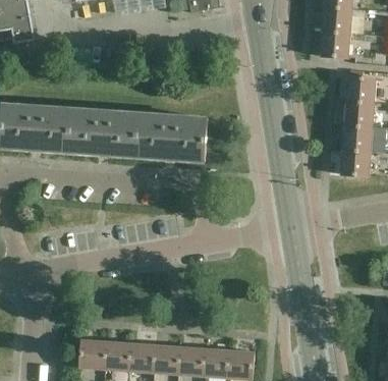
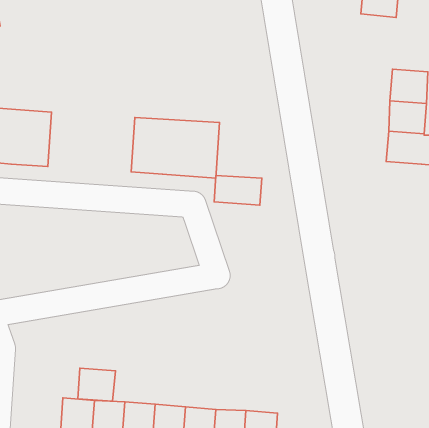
building: [319,30,349,57] -> none
building: [68,109,138,157] -> none
building: [339,149,370,176] -> none
building: none -> [214,176,262,205]
building: none -> [78,368,115,401]

